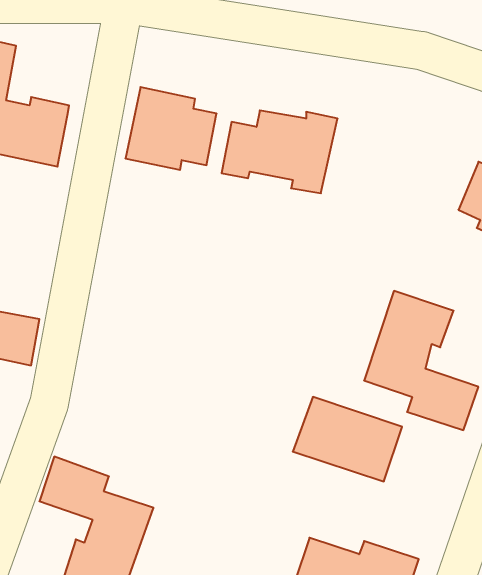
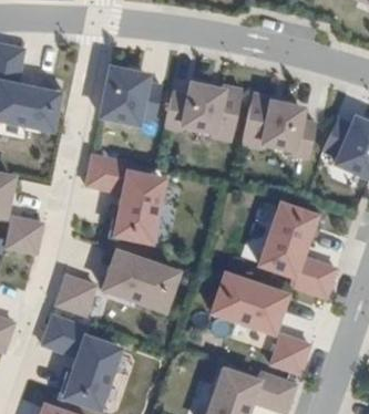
building: none -> [243,92,316,156]
building: none -> [86,155,163,241]
building: none -> [104,251,177,309]
building: none -> [57,275,96,314]
building: none -> [271,333,310,373]

